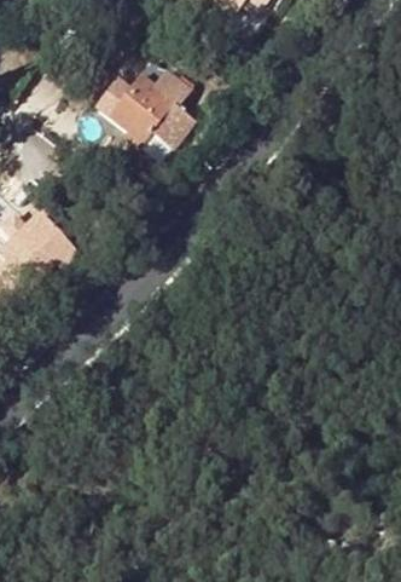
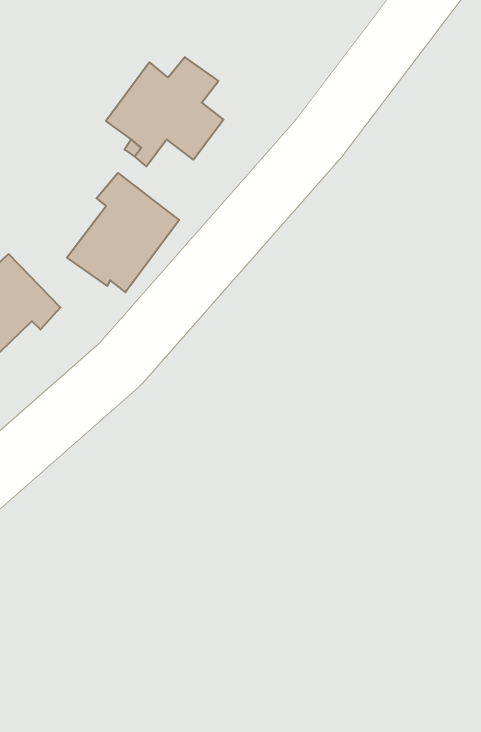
building: none -> [67,173,179,292]

